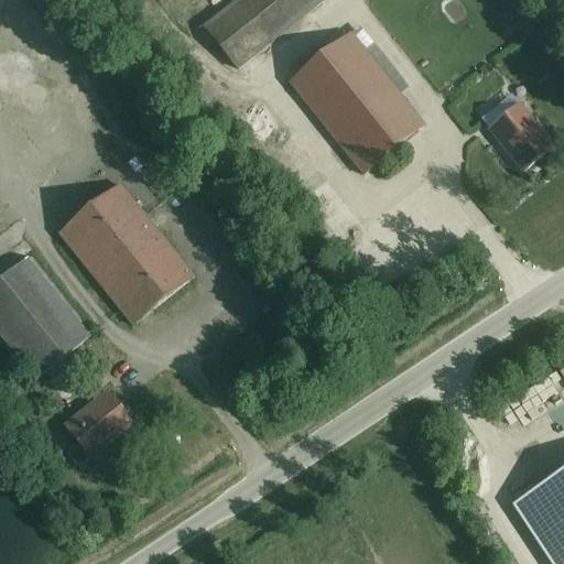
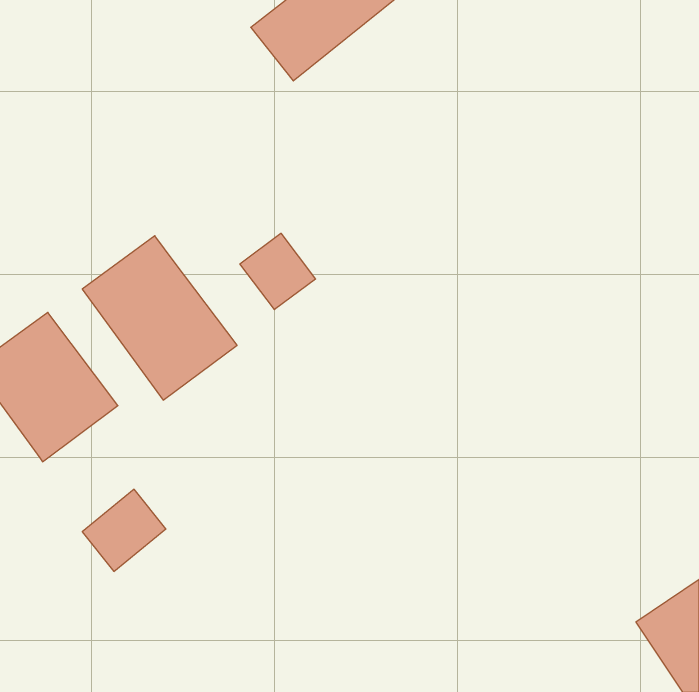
building: [289,30,423,170] -> none
building: [488,99,553,166] -> none
building: none -> [240,233,316,310]

